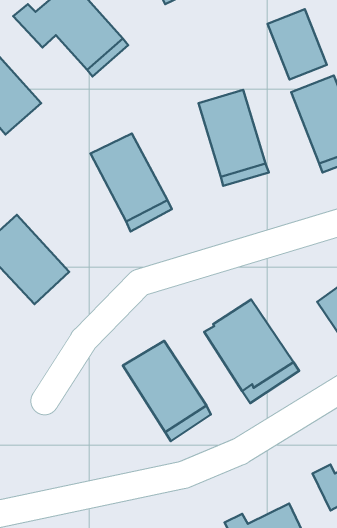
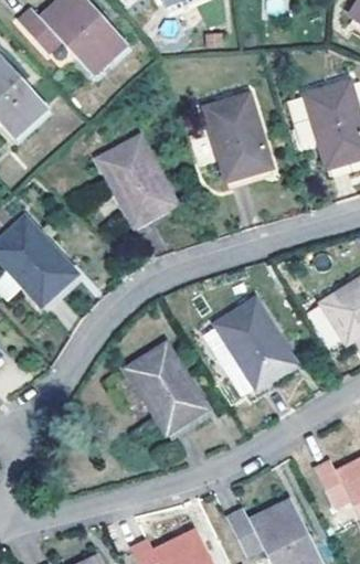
building: [267,9,327,80] -> none

